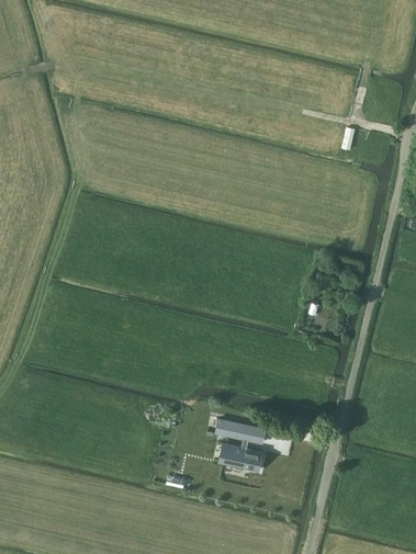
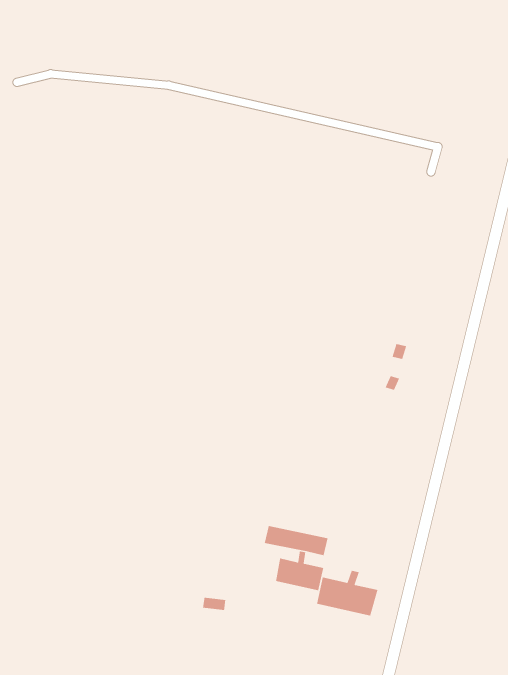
building: none -> [316,570,379,617]

